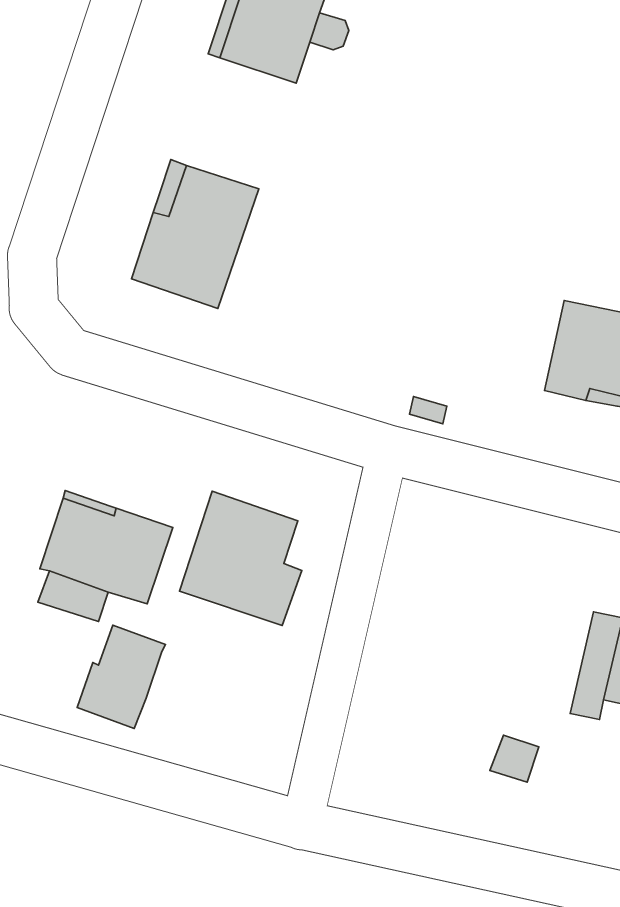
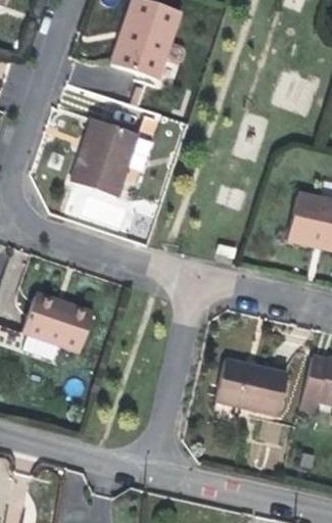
building: [179,491,302,625] -> none
building: none -> [216,359,288,414]
building: [77,625,165,728] -> none

